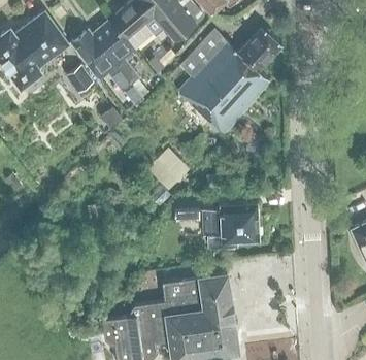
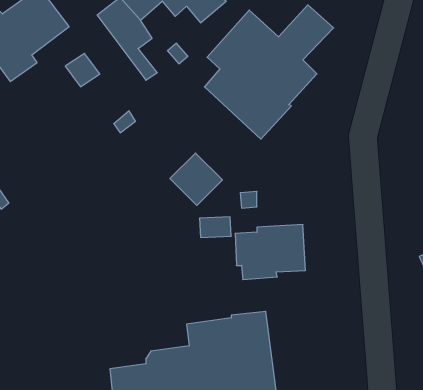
building: [71,30,141,106] -> none

